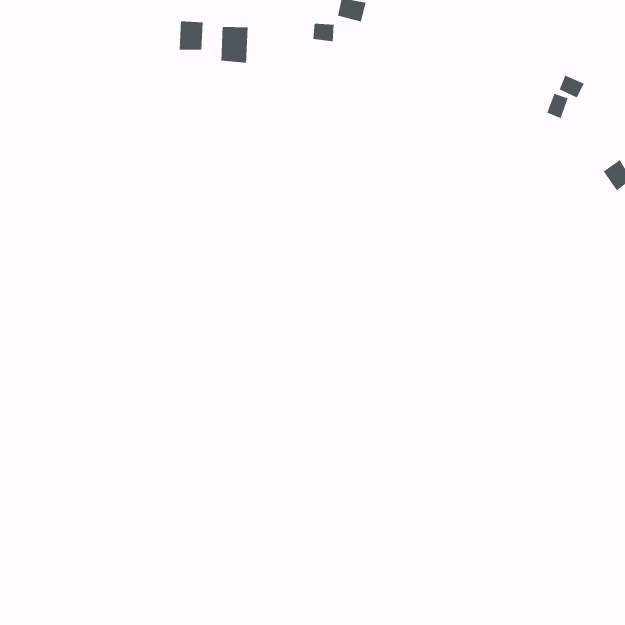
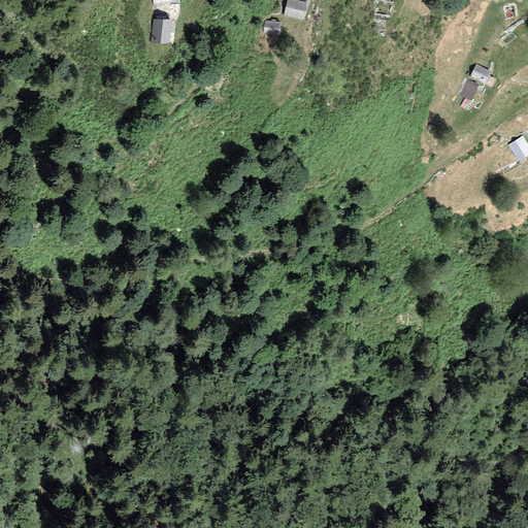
building: [221,26,248,63] -> none

